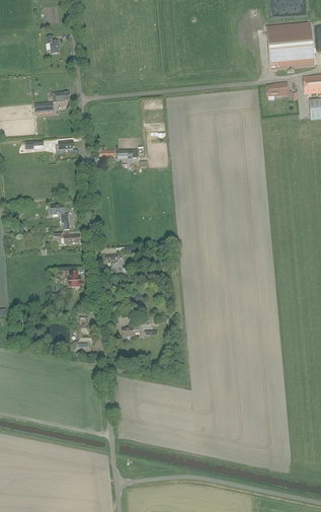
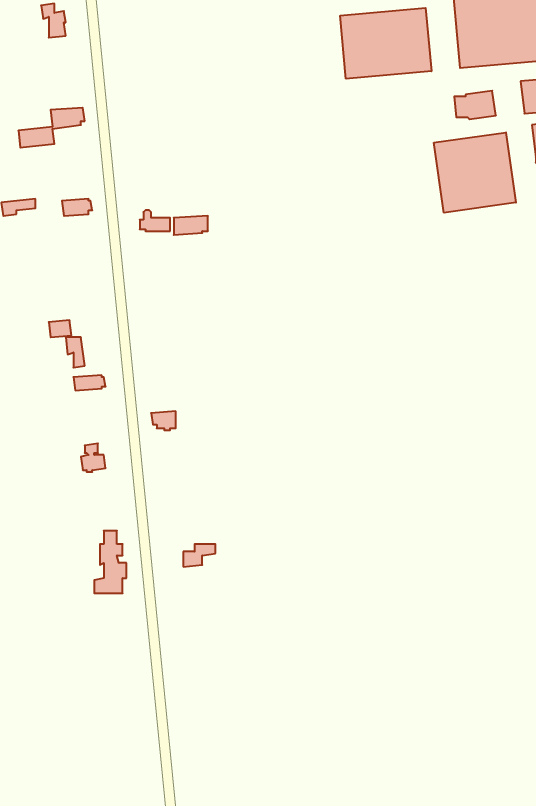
building: none -> [340,8,431,79]
building: none -> [434,132,516,213]

